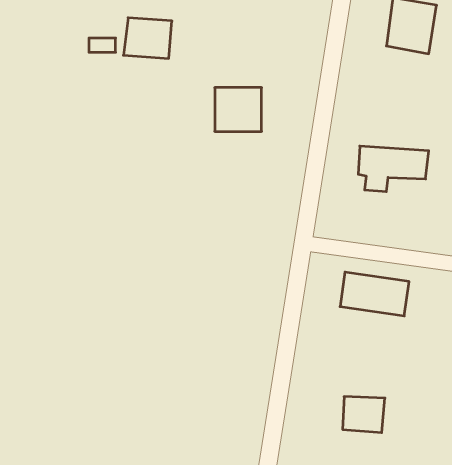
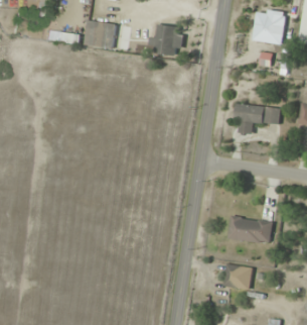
building: [215,88,262,131] -> [150,26,180,55]
building: [340,272,409,316] -> [226,216,271,244]

